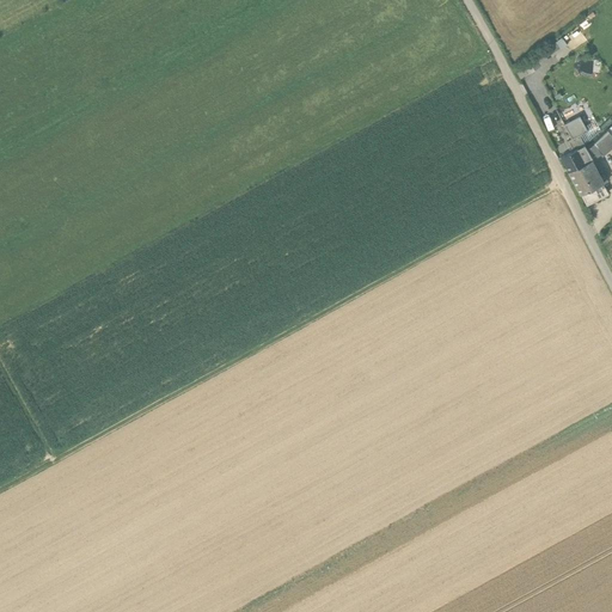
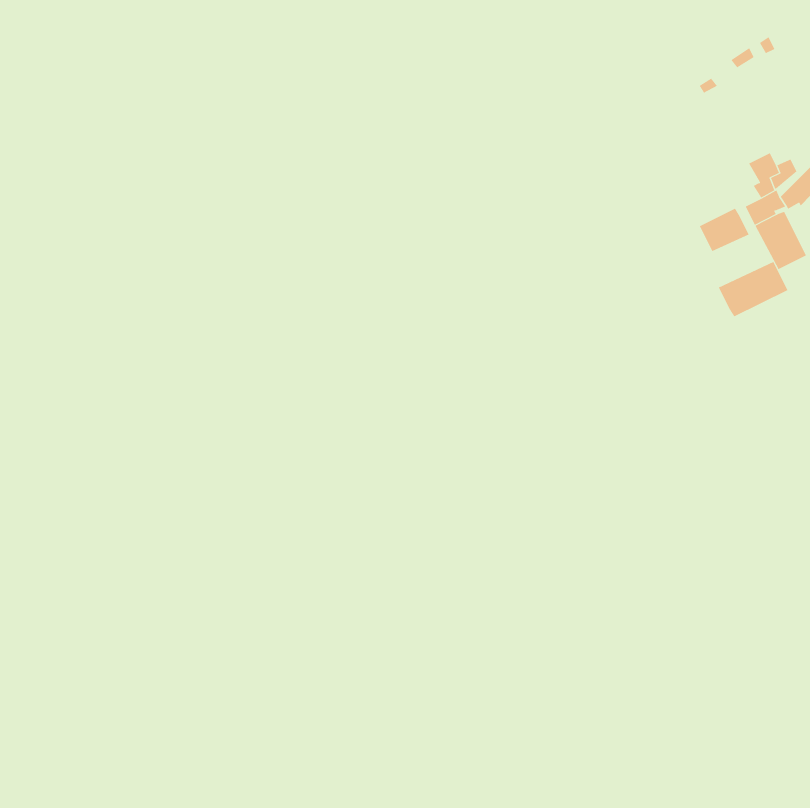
building: none -> [699,208,749,252]
building: none -> [718,261,788,317]

